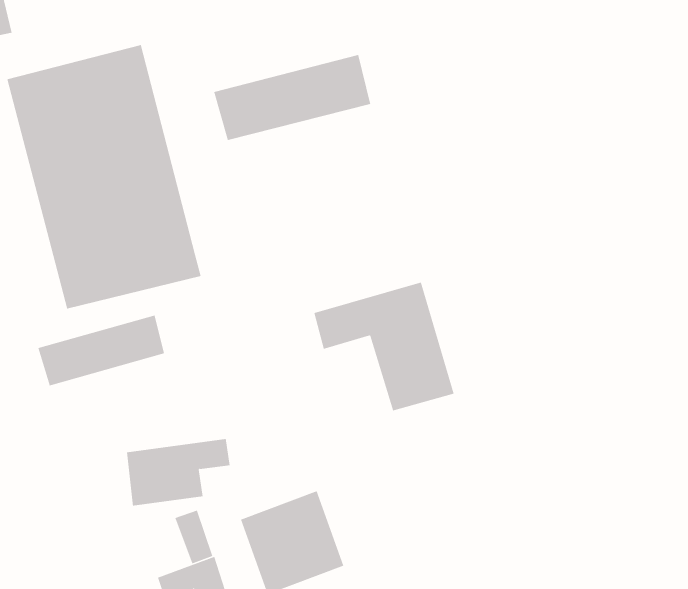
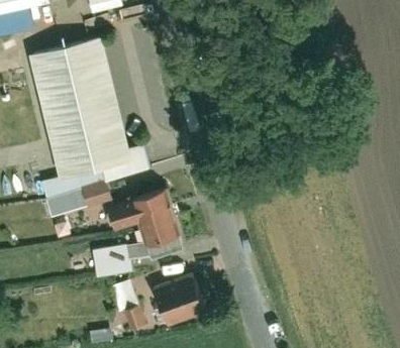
building: [213,54,371,141] -> none
building: none -> [40,143,148,195]
building: [314,282,454,411] -> [107,191,181,258]

